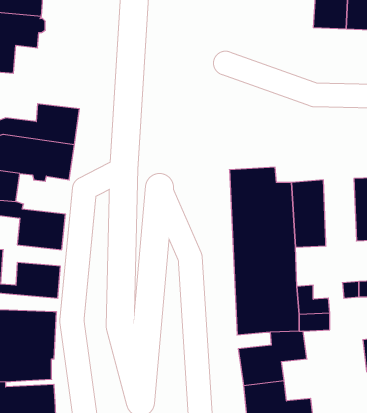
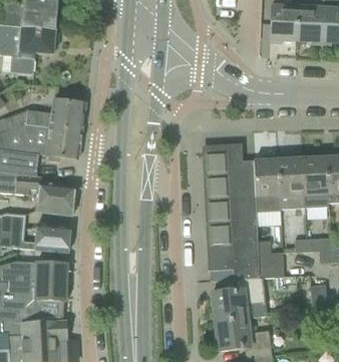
building: none -> [278,157,304,208]

